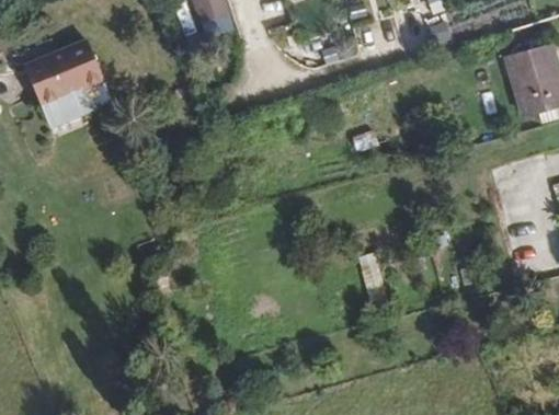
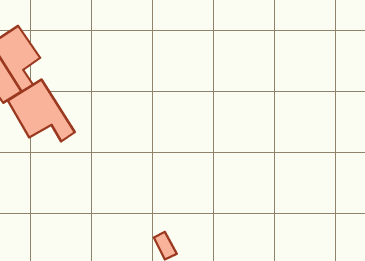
building: none -> [8,80,75,141]

